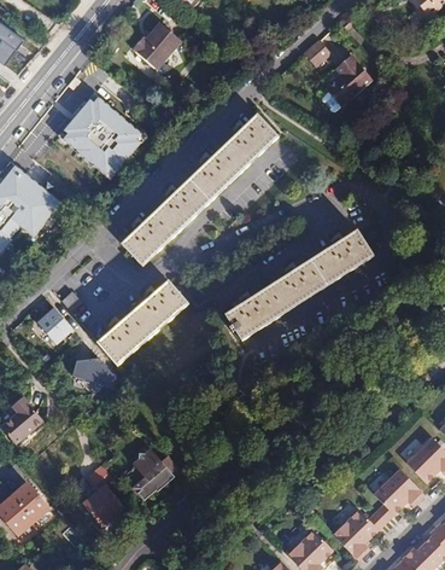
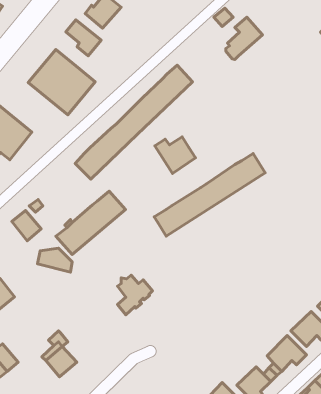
building: none -> [66,20,101,56]
building: none -> [155,137,196,174]
building: [131,447,177,499] -> [117,275,152,315]

